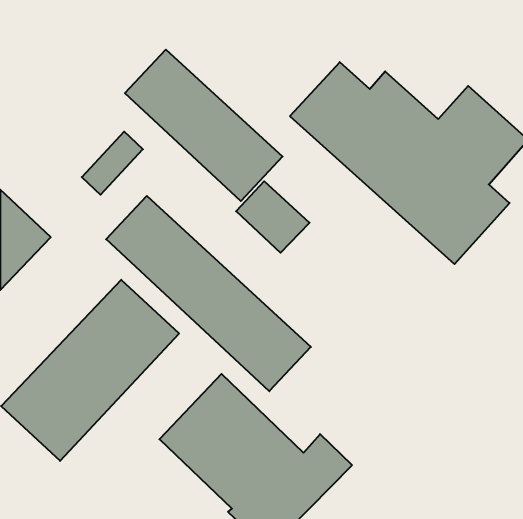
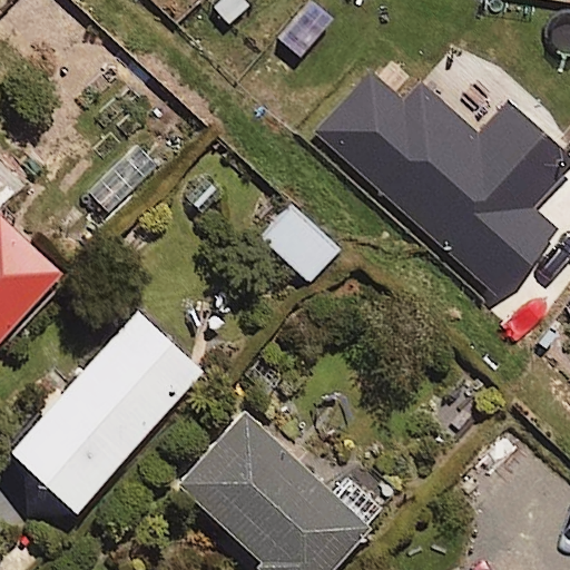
building: [125,50,283,201] -> none
building: [106,196,311,391] -> none

